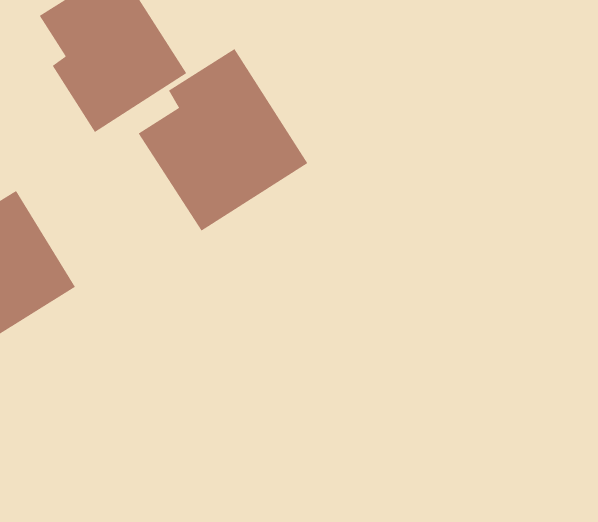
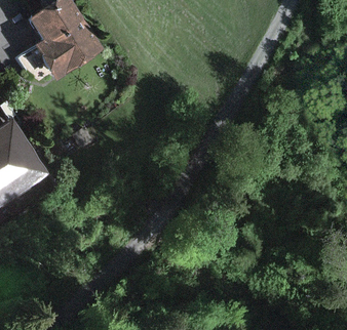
building: [138,48,308,232] -> none

